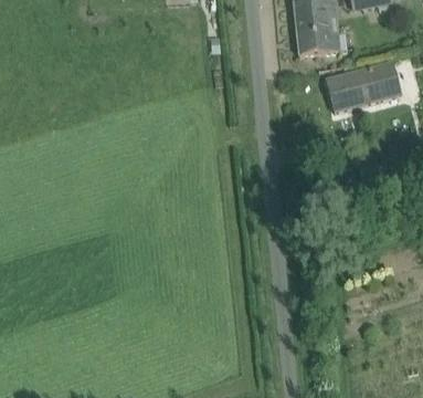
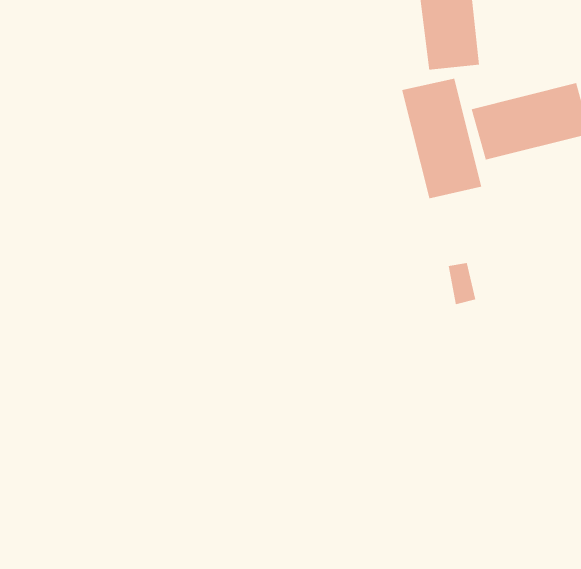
building: none -> [402,78,482,199]

